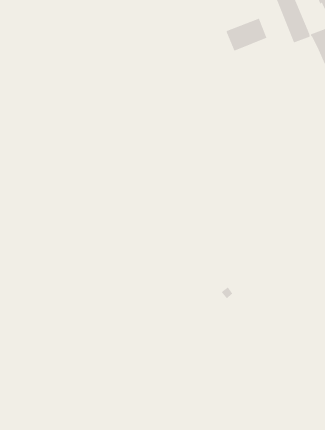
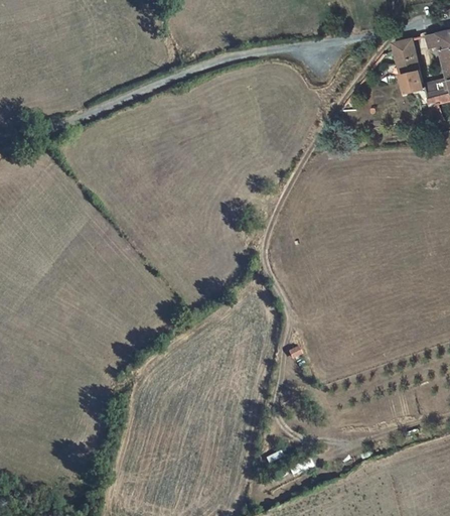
building: [226,18,267,52] -> none

